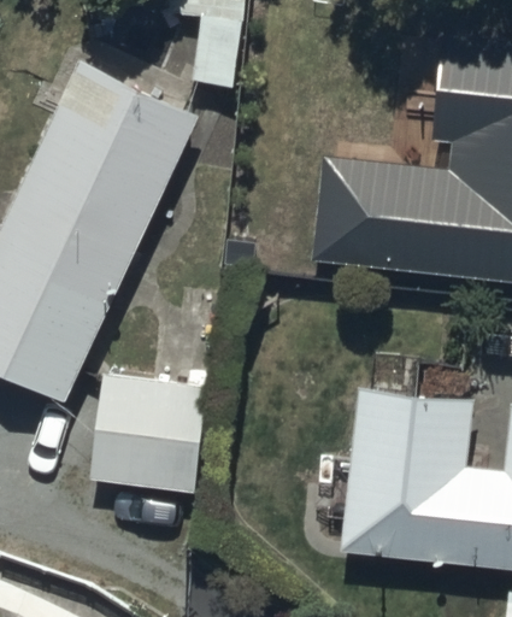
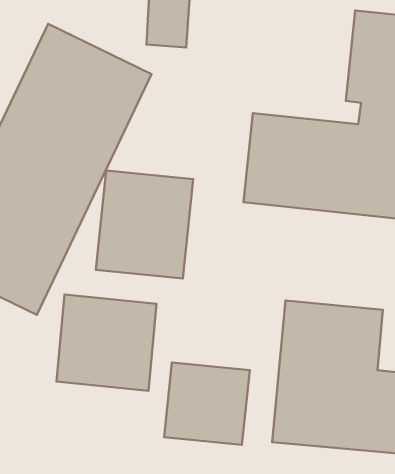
building: none -> [96,170,193,279]
building: none -> [164,363,250,445]

